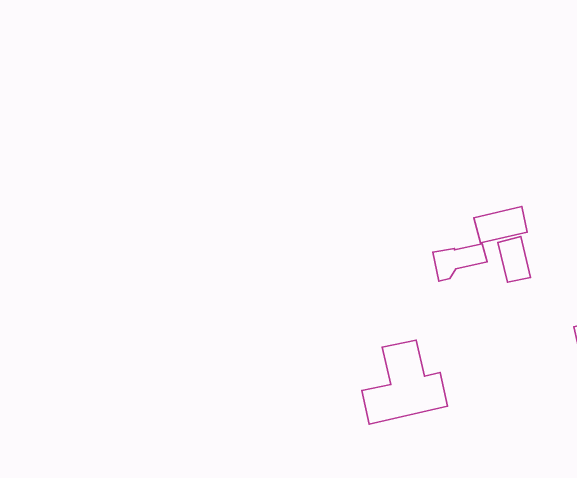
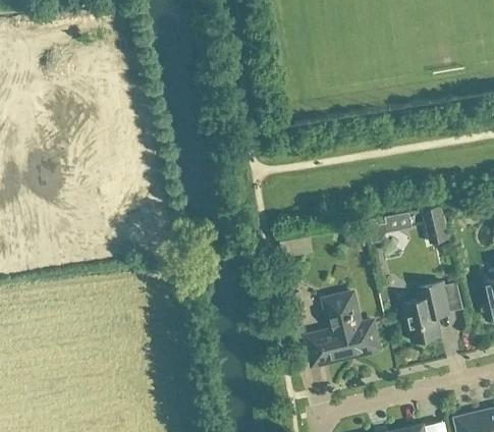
building: [474,206,527,243] -> none
building: none -> [404,281,449,341]

